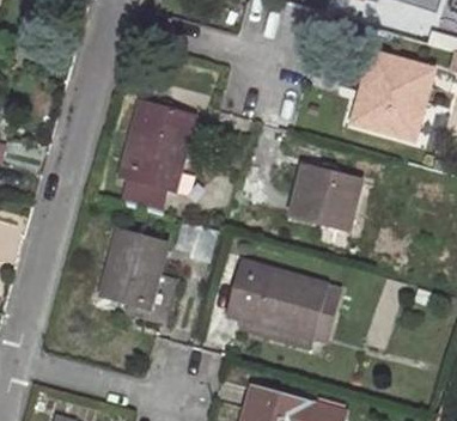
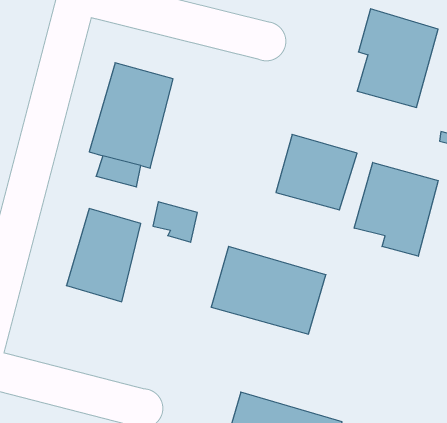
building: none -> [354,162,438,256]

